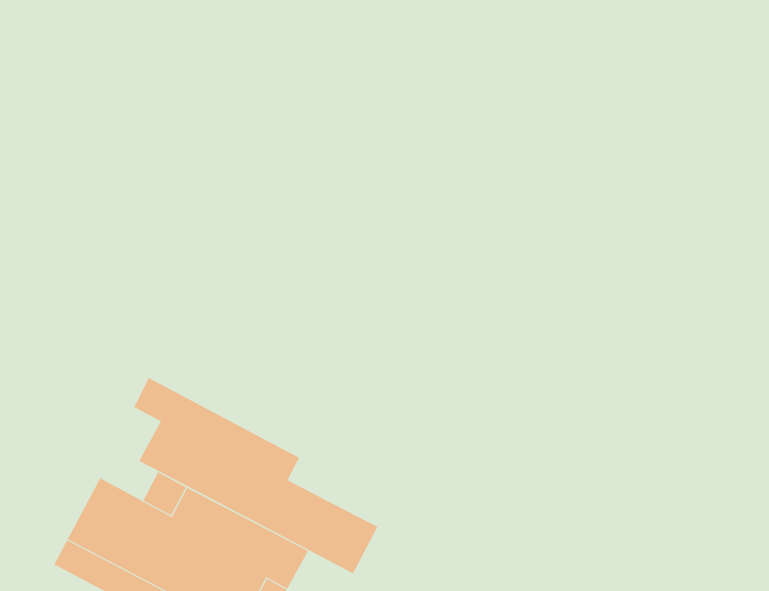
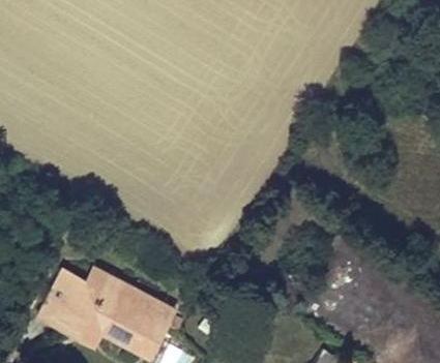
building: [133,377,378,574] -> none

